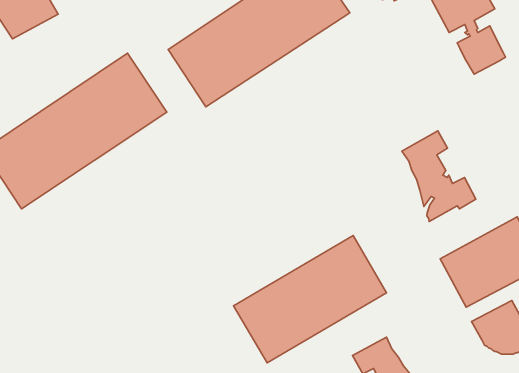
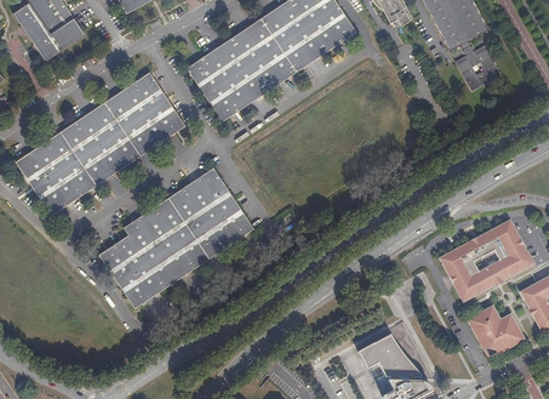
building: [402,131,476,222] -> none
building: none -> [99,166,255,307]
building: [234,236,387,363] -> none

